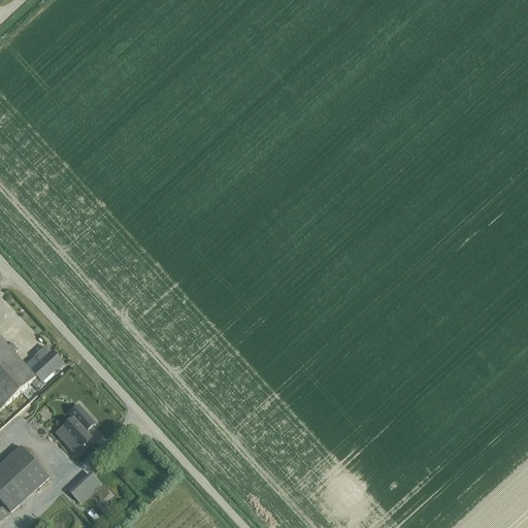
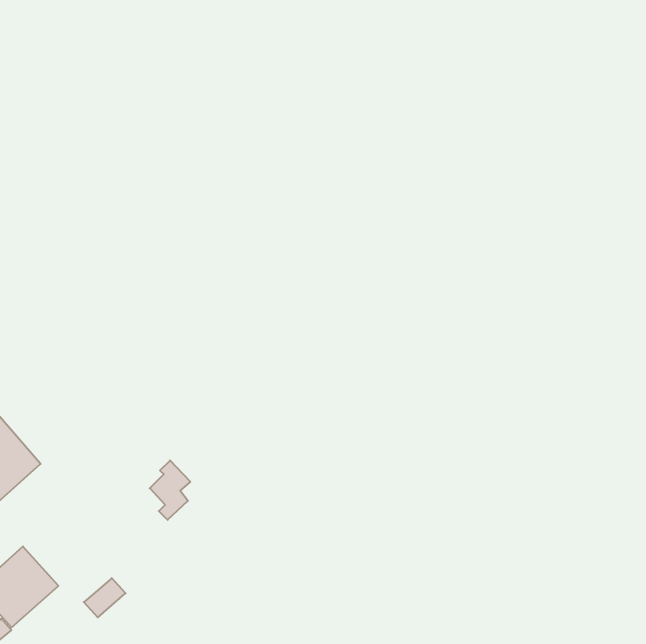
building: [24,344,61,382] -> none
building: [60,404,93,453] -> [150,460,190,520]

